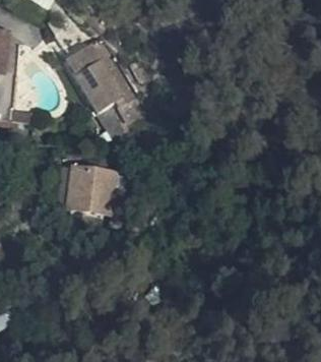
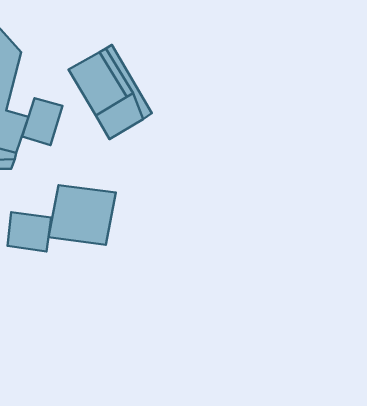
building: none -> [22,98,63,145]
building: none -> [8,212,51,252]

